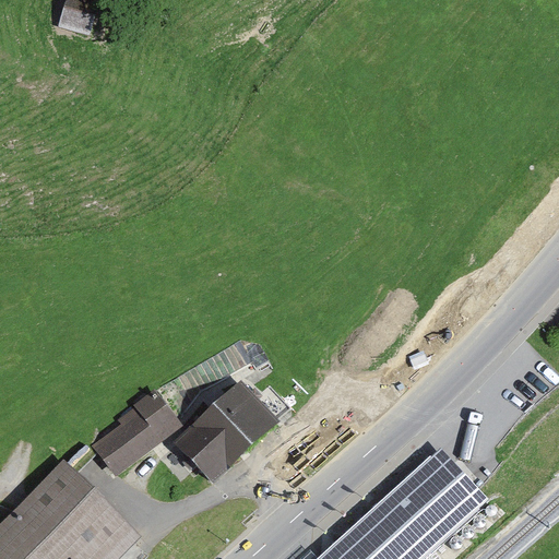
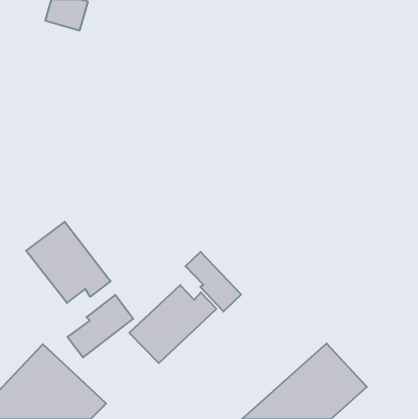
building: none -> [26,222,111,303]
building: none -> [185,252,241,312]

